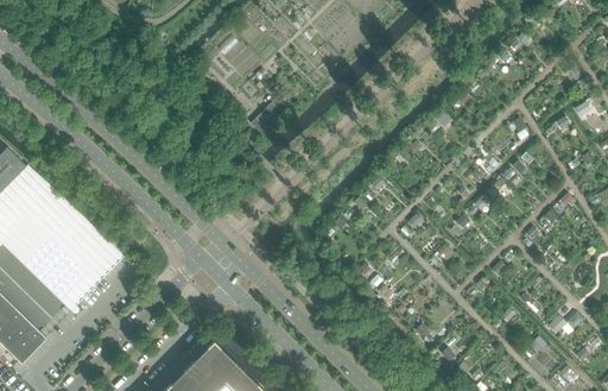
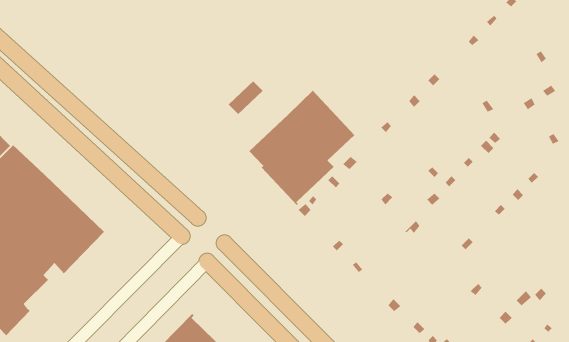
building: none -> [249,90,355,206]

